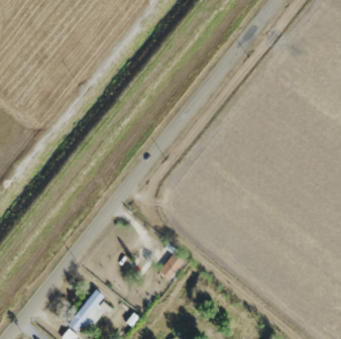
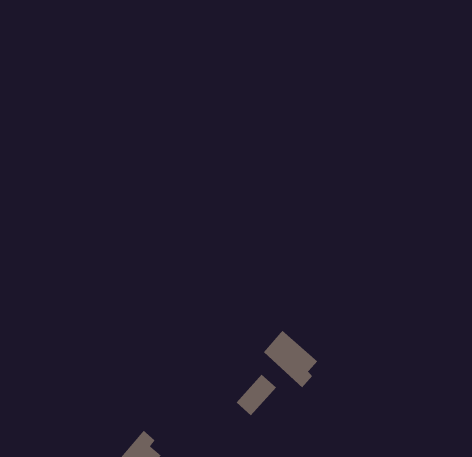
building: none -> [263,330,318,388]

